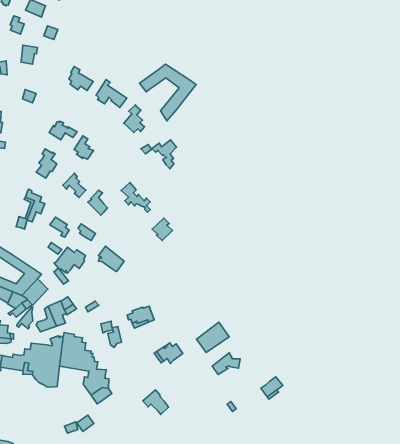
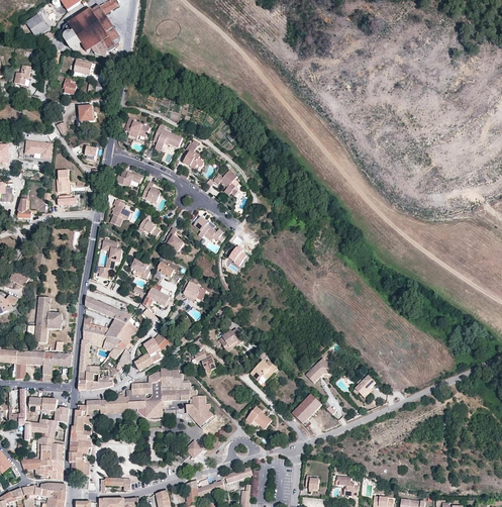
building: [139,64,196,121] -> none
building: [197,322,229,352] -> [290,393,320,423]

